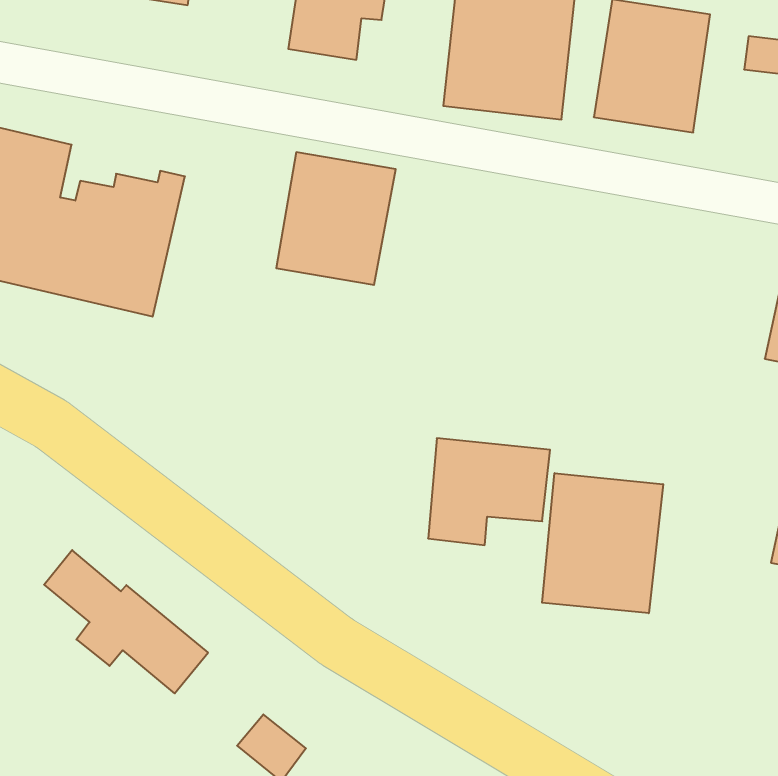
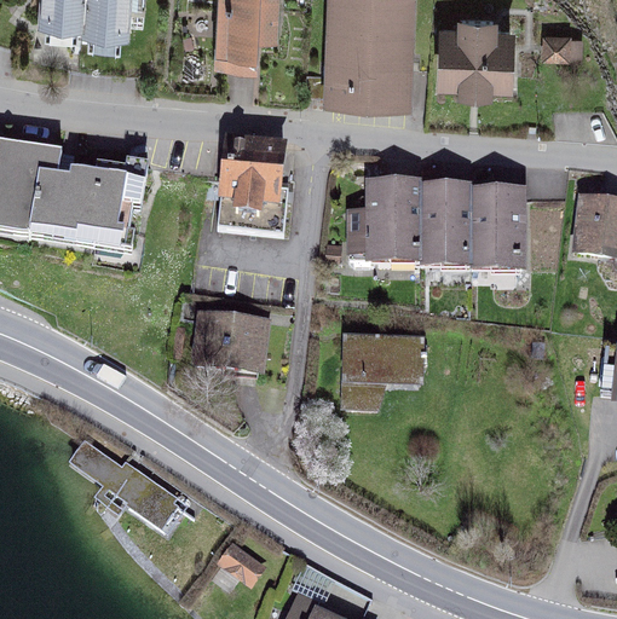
building: none -> [357,169,523,267]
building: none -> [188,313,267,378]
building: [542,473,663,613] -> none

